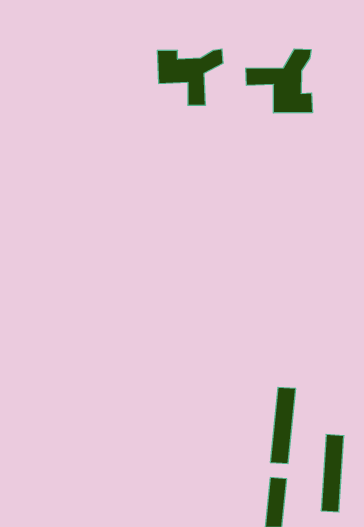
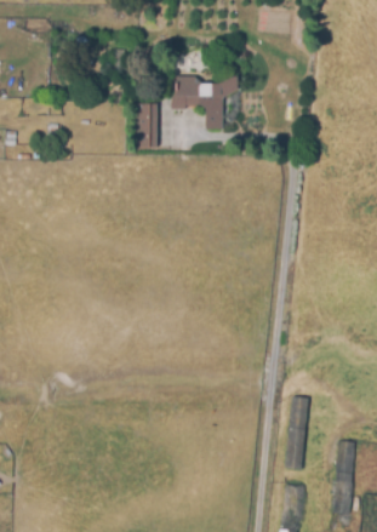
building: [246,49,312,113] -> none
building: none -> [136,103,156,147]

